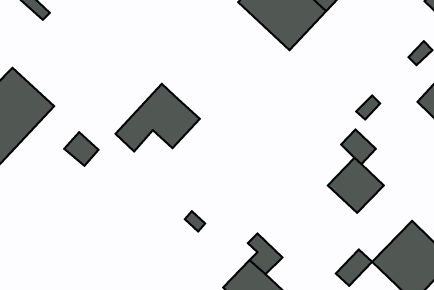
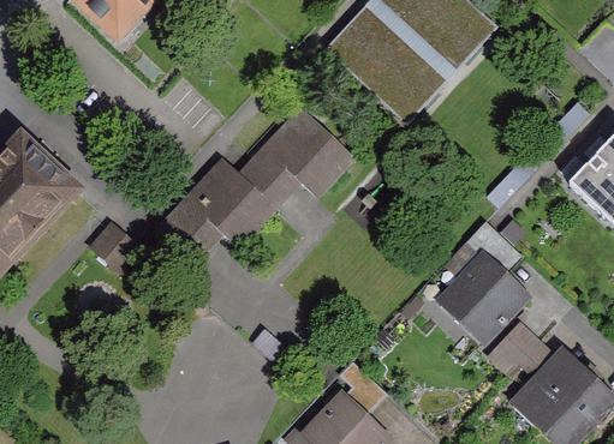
building: none -> [240,91,353,198]
building: [336,249,372,286] -> [488,325,537,374]

